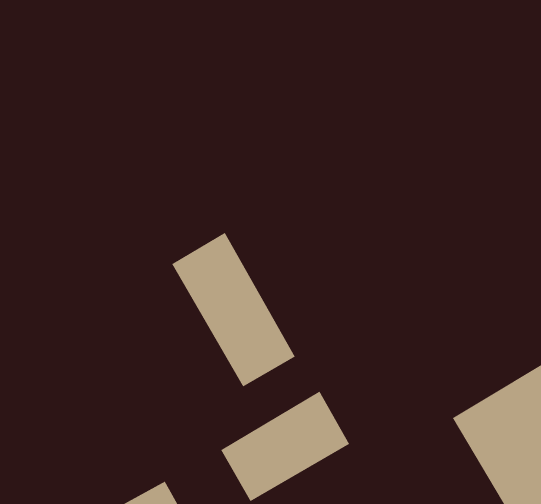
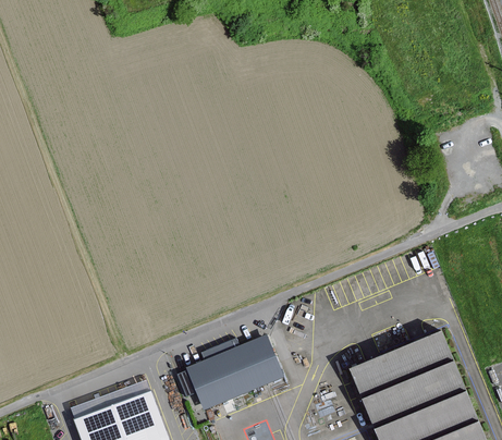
building: [171,232,296,388] -> none

